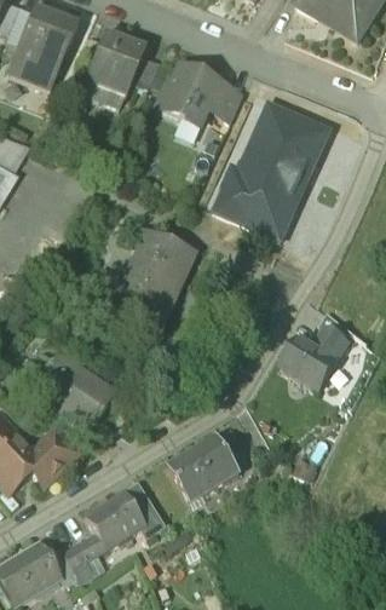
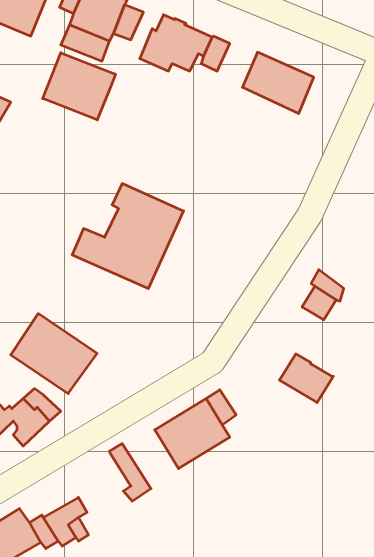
building: none -> [43,53,115,120]
building: [214,136,310,236] -> none
building: [283,339,335,386] -> [279,354,333,403]
building: [85,489,148,547] -> none

